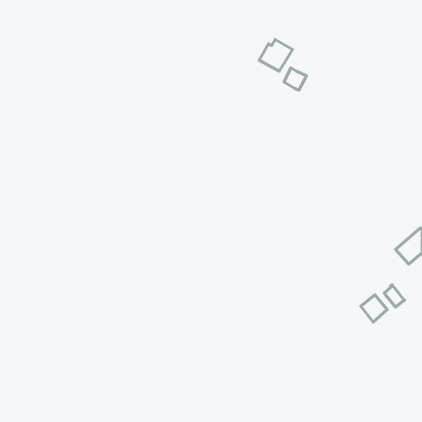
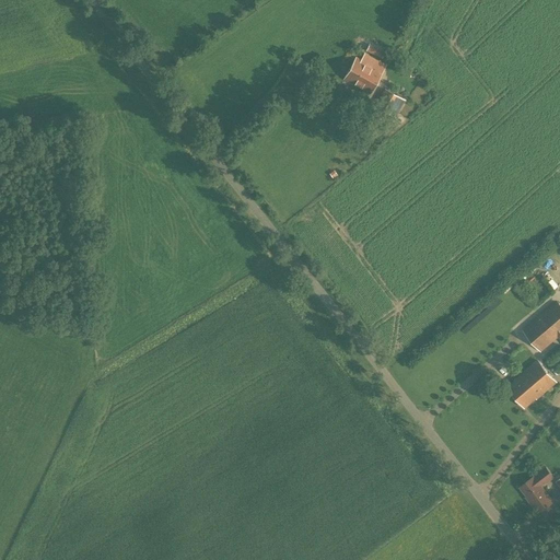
building: [361,295,387,322] -> [520,362,555,398]
building: none -> [521,468,552,513]

